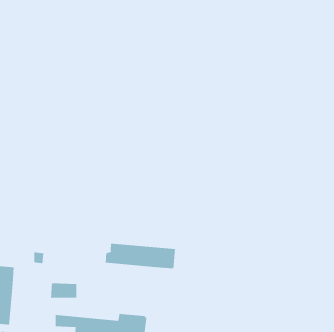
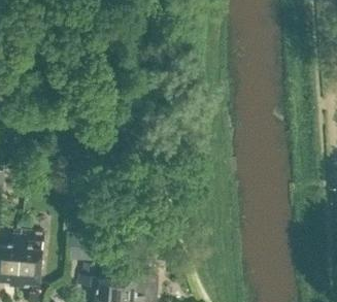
building: [105,243,176,269] -> none

